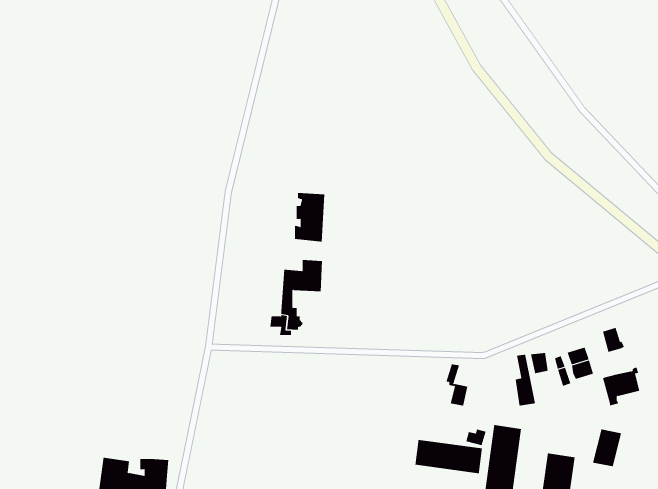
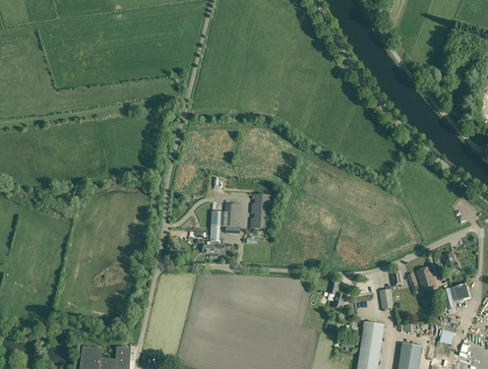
building: [294,193,325,242] -> [250,194,272,230]
building: [415,439,482,474] -> none

